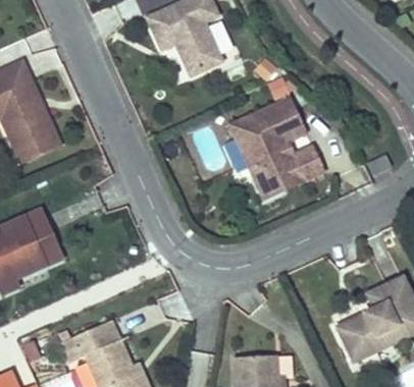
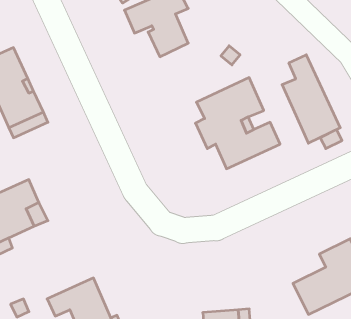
building: none -> [282,55,340,143]

